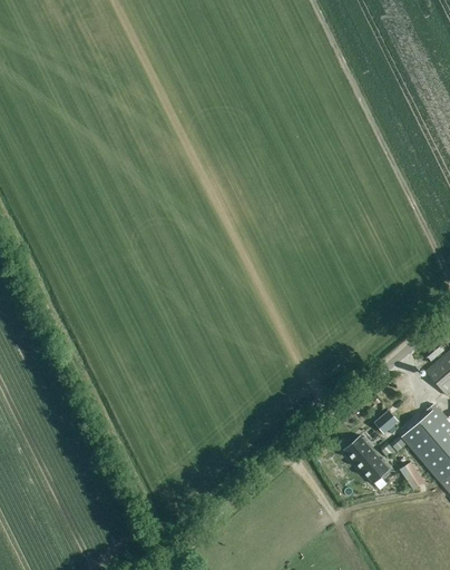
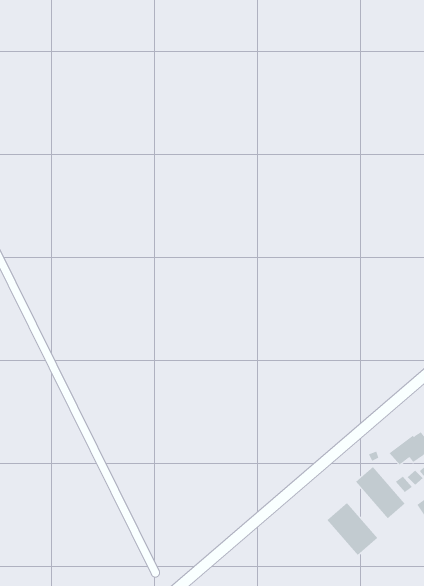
building: none -> [326,502,378,556]

